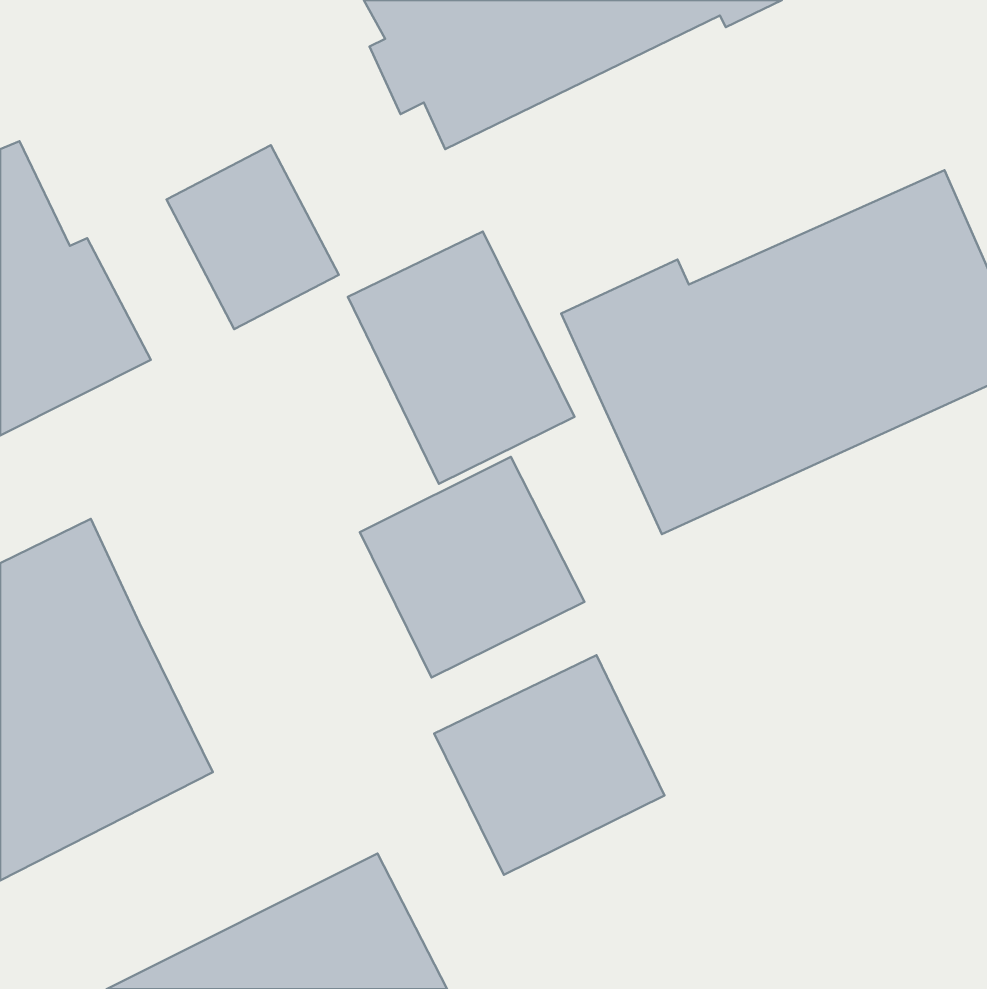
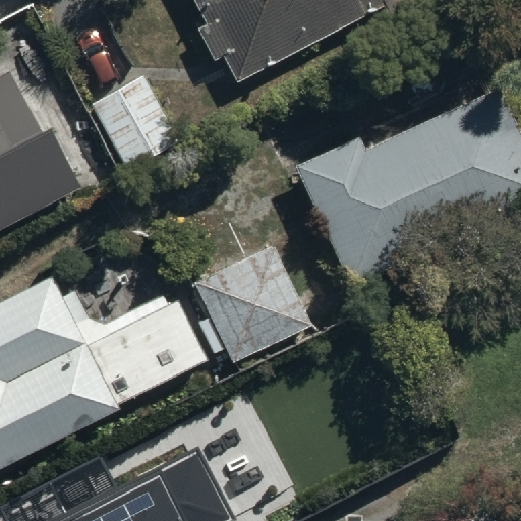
building: [348,231,574,484] -> none
building: none -> [74,297,207,406]
building: [434,655,665,875] -> none

